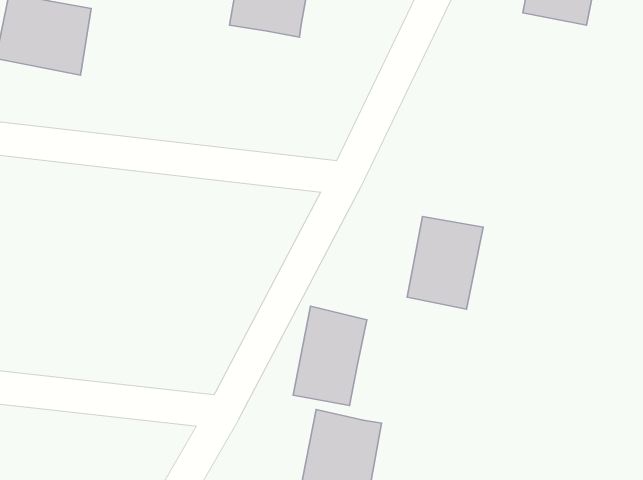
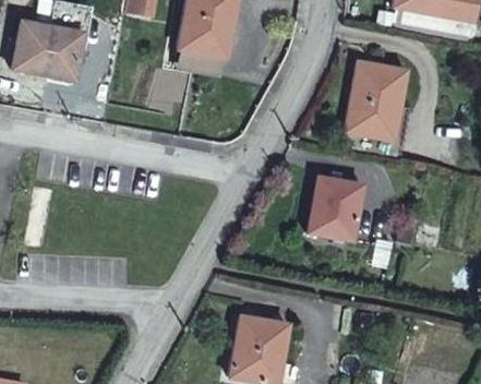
building: none -> [176,38,230,69]
building: none -> [345,60,413,161]
building: [293,306,367,405] -> none

